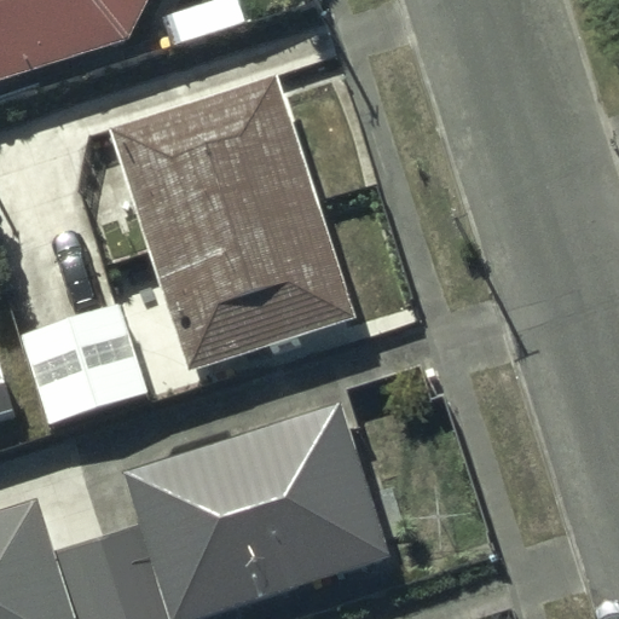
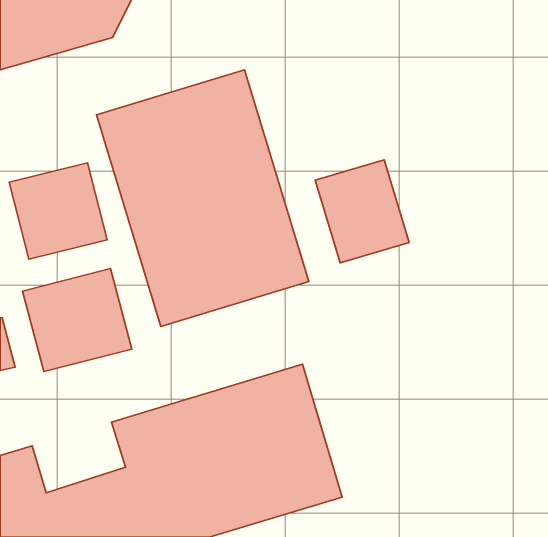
building: none -> [315,160,409,263]
building: none -> [9,163,107,259]

